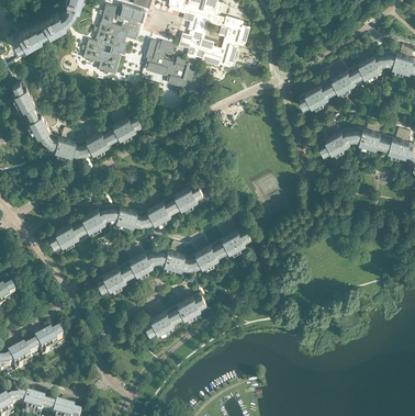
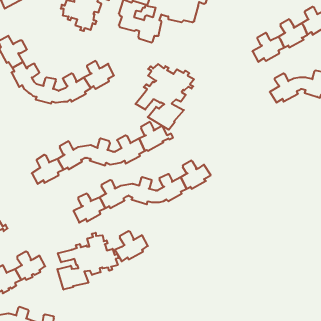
building: none -> [135,64,194,130]
building: [172,288,205,319] -> none
building: none -> [57,233,119,290]

